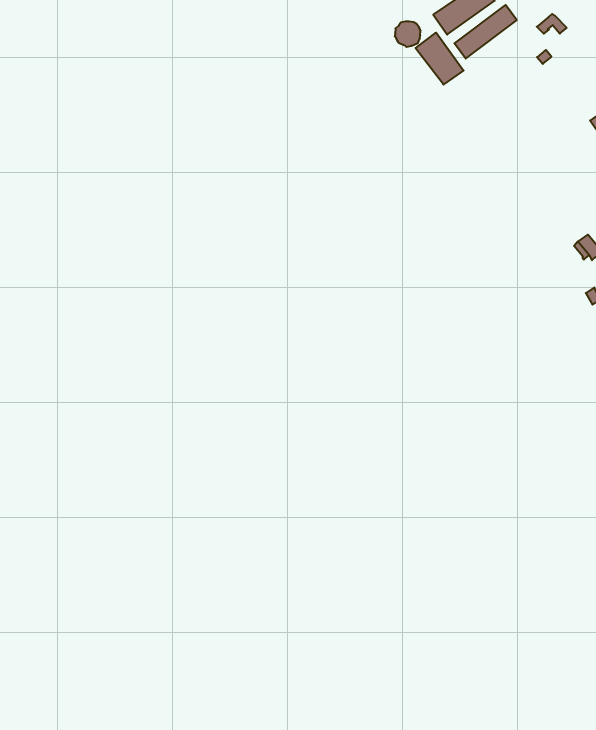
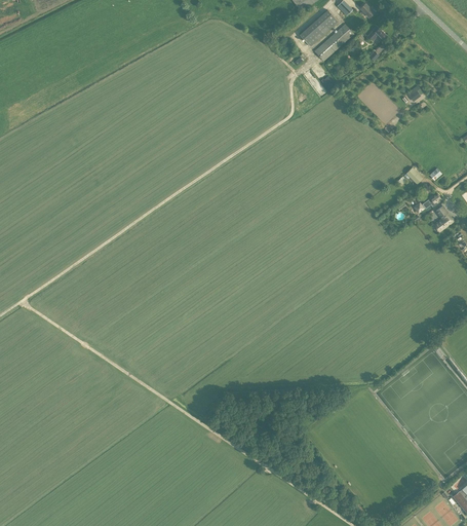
building: [416,33,464,85] -> none

